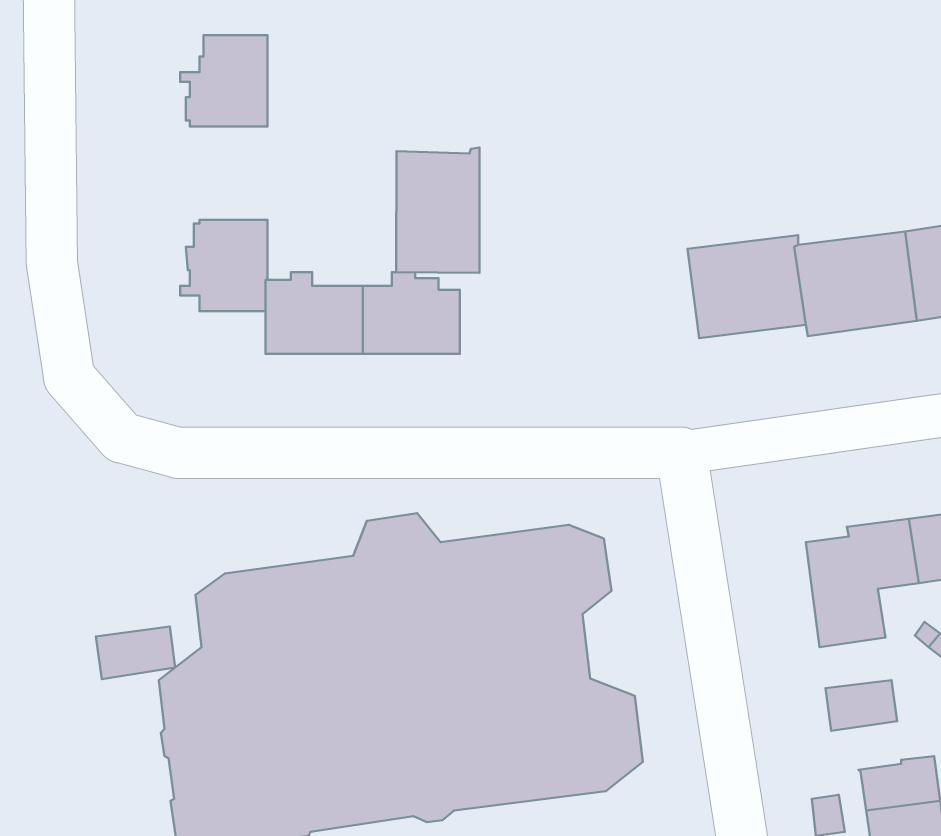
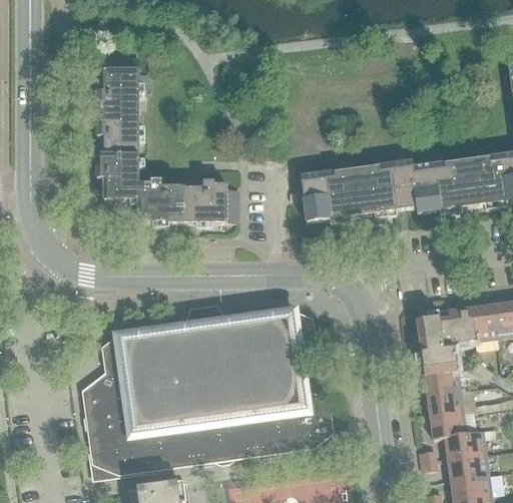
building: none -> [93,104,138,152]
building: [396,147,480,273] -> none
building: none -> [300,167,361,221]
building: [96,627,175,679] -> none
building: none -> [423,368,460,394]
building: none -> [429,411,465,438]

